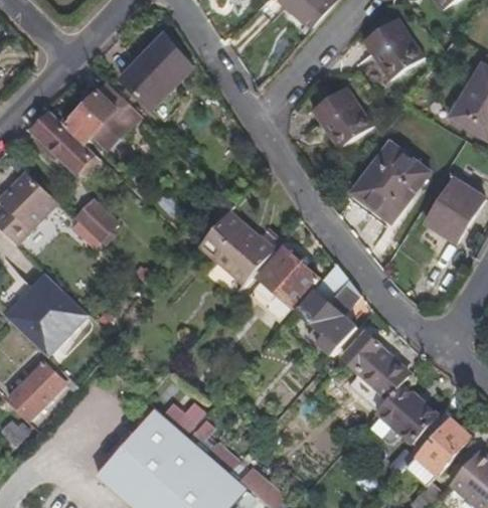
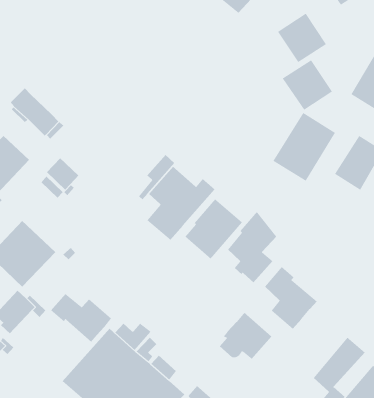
building: [121,35,193,122] -> none
building: [58,82,140,149] -> none
building: [309,89,371,151] -> [282,60,333,111]
building: none -> [50,293,112,343]
building: [368,384,434,443] -> [219,312,272,359]

